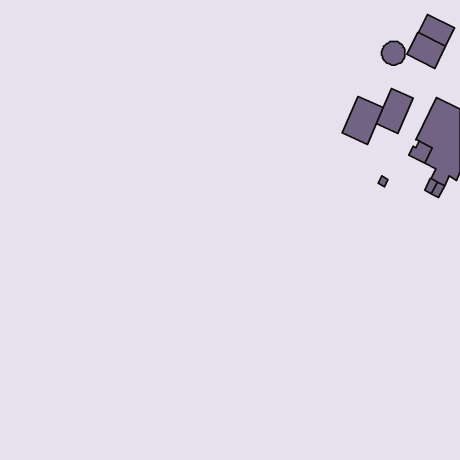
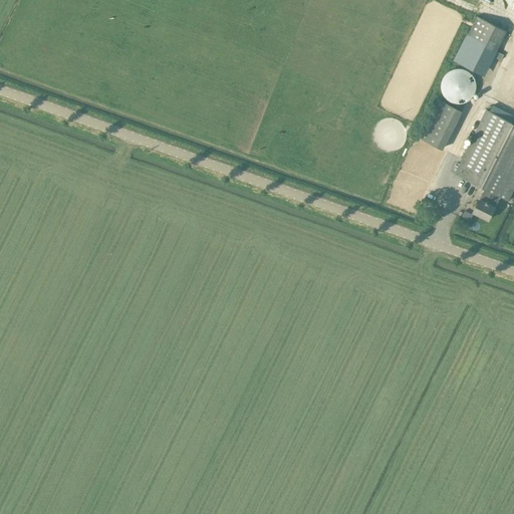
building: [382,42,405,65] -> [448,79,474,105]
building: [342,97,383,144] -> none

